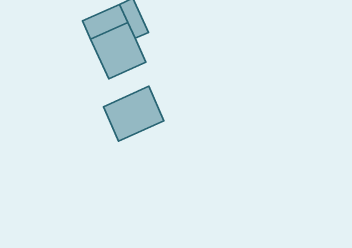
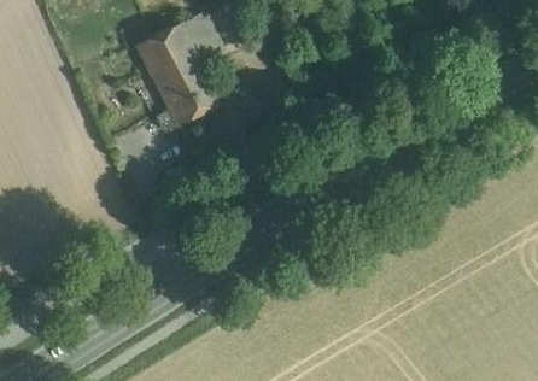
building: [104,86,164,141] -> none

